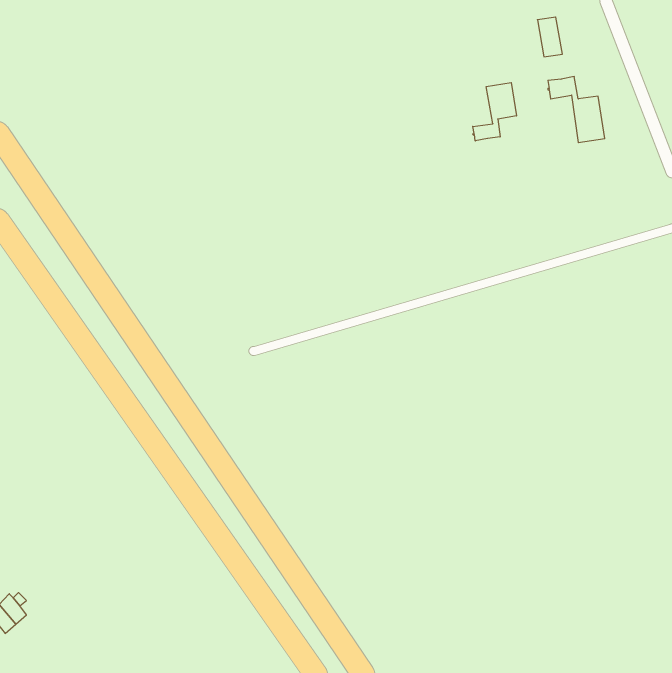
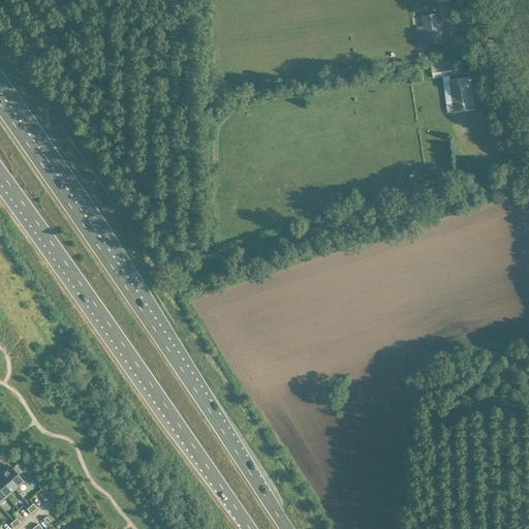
building: [473,83,516,141] -> none

